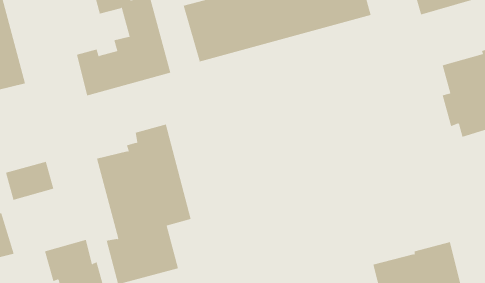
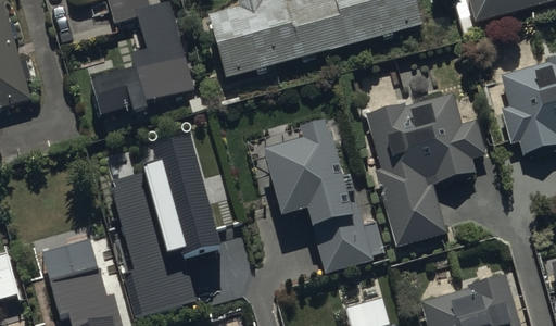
building: none -> [367,95,488,250]
building: none -> [265,120,387,276]
building: [5,161,54,200] -> [43,242,99,287]

